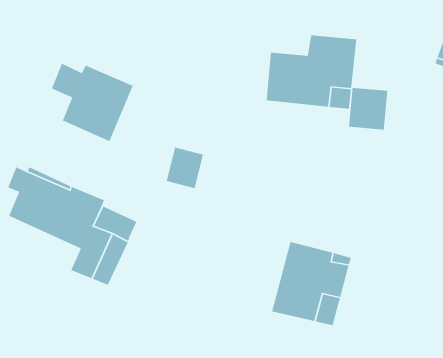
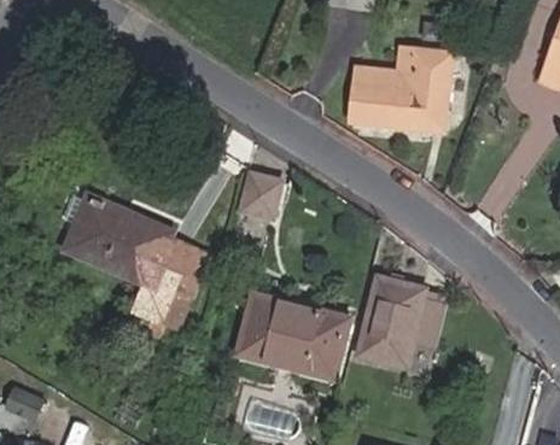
building: [51,62,134,142] -> none
building: [348,87,388,130] -> none
building: none -> [237,293,351,379]

